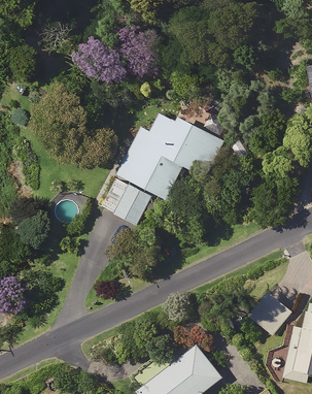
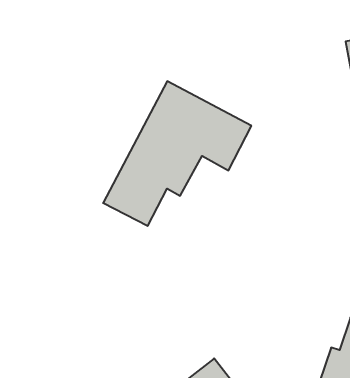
building: [245,292,292,338] -> none

